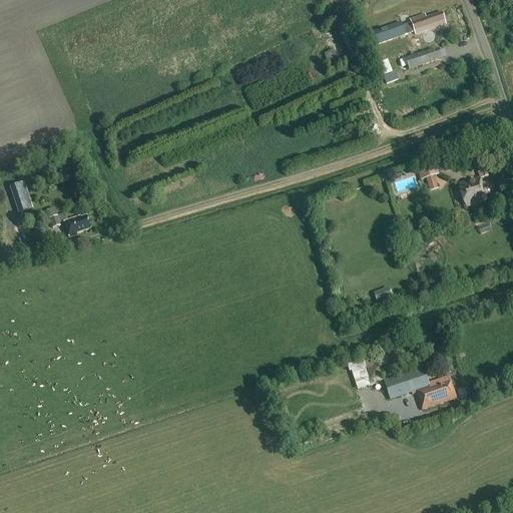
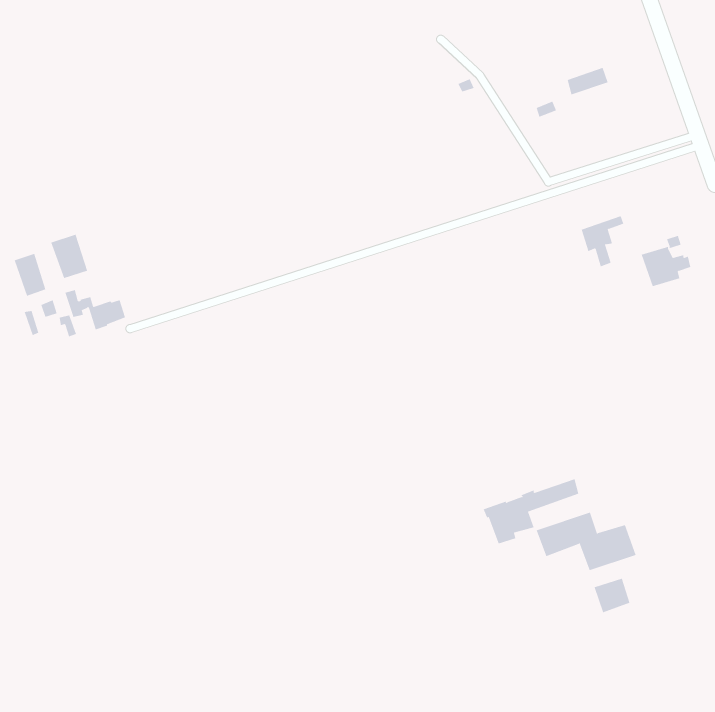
building: [372,11,446,43] -> none
building: none -> [51,234,88,279]
building: none -> [594,578,630,613]

